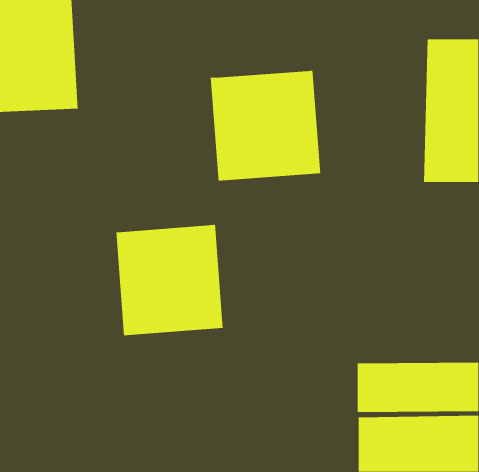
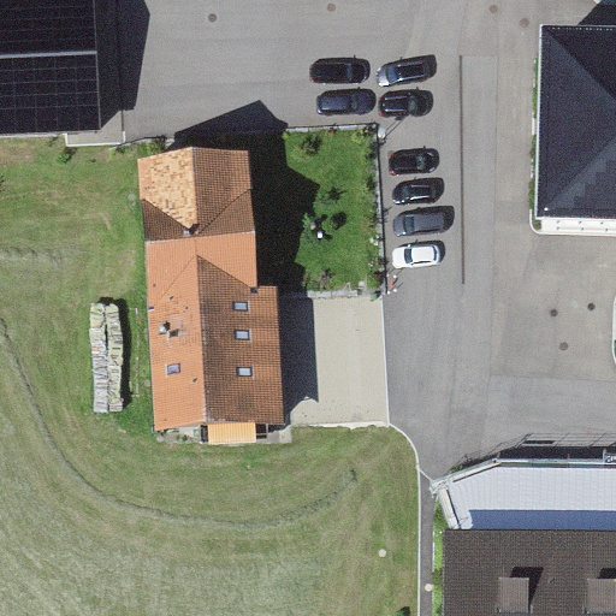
building: [210,70,321,182] -> none
building: none -> [143,152,262,295]

